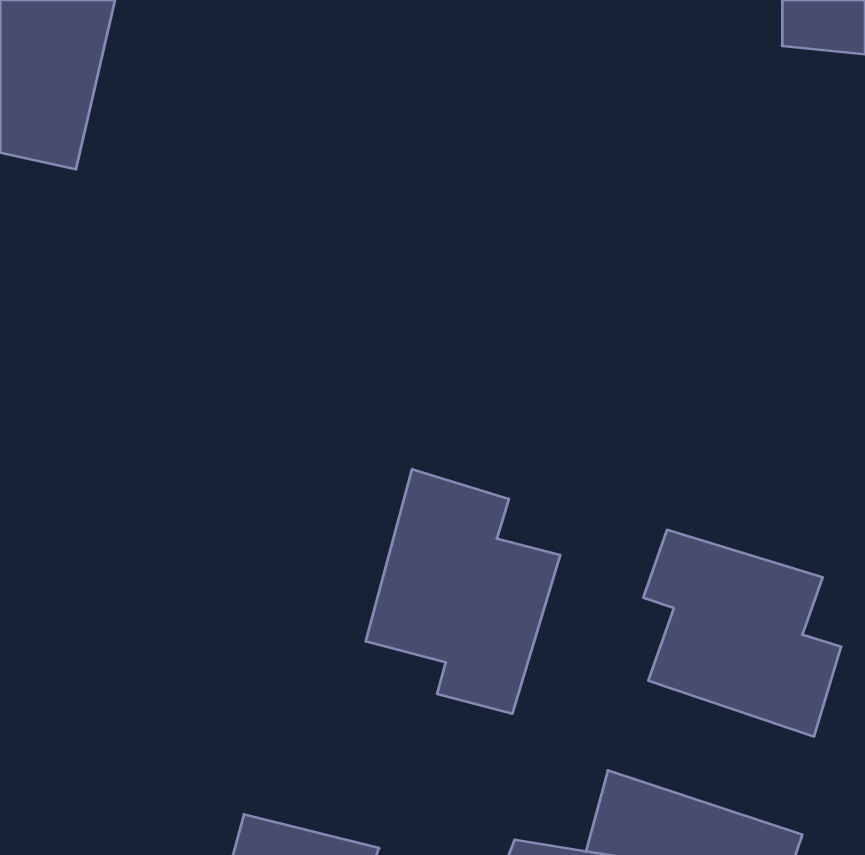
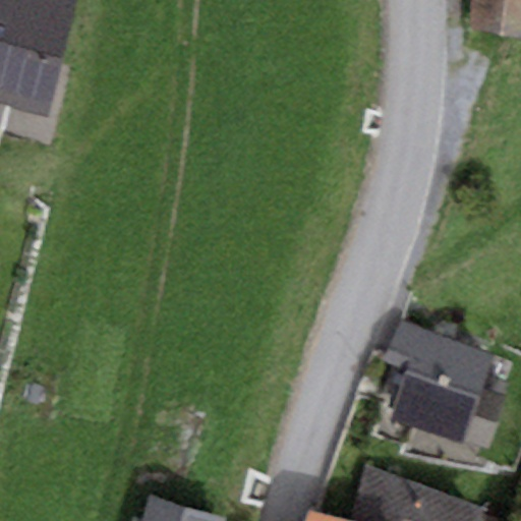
building: [366,469,560,714] -> none

